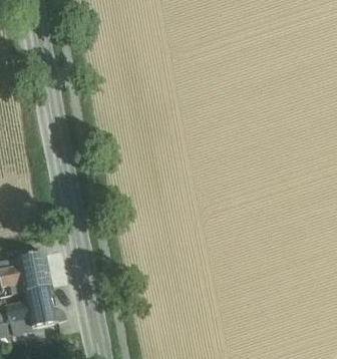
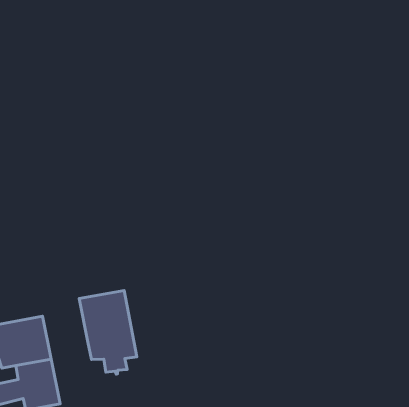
building: none -> [79,291,137,374]

